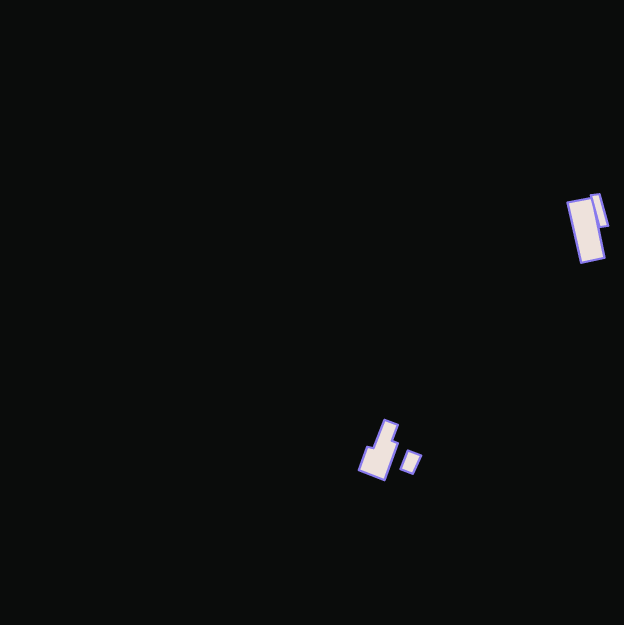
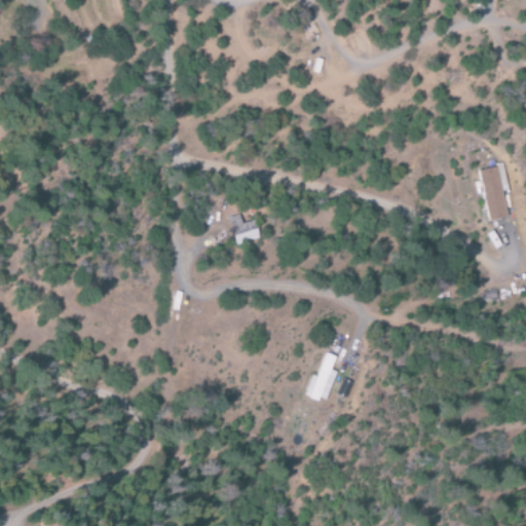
building: none -> [230,214,260,243]

